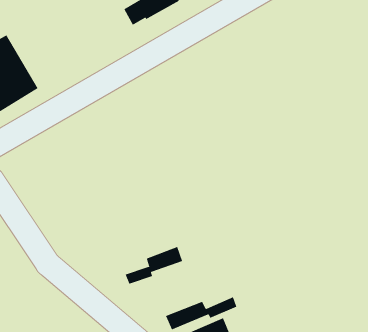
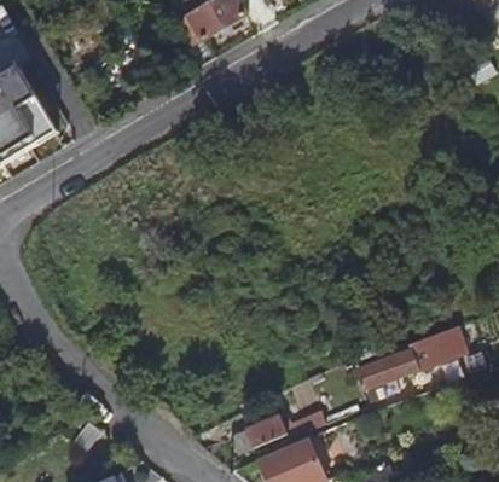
building: none -> [355,331,463,389]
building: [125,246,183,284] -> none

